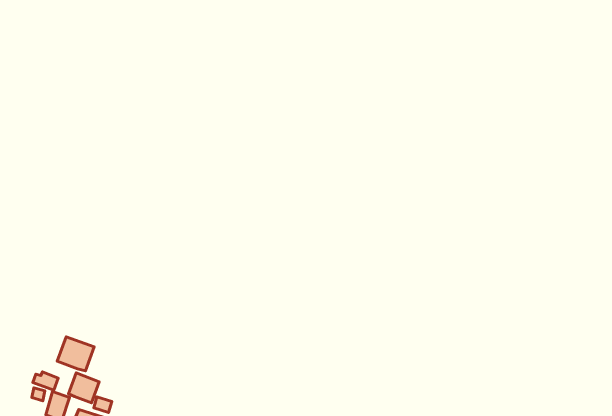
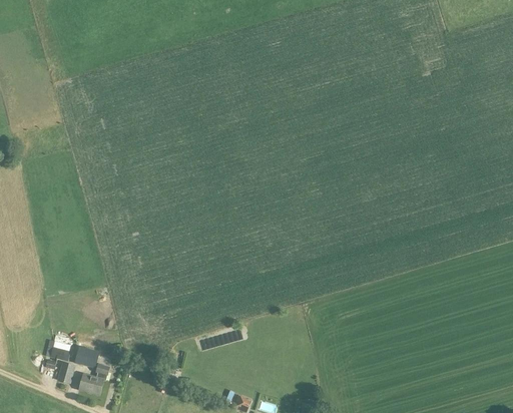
building: [57,337,94,371] -> none

